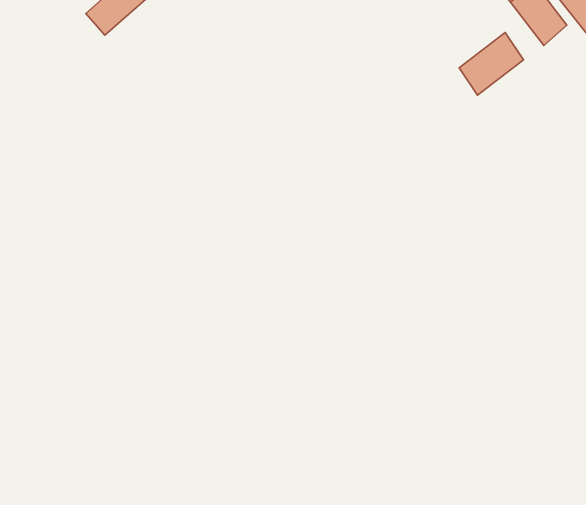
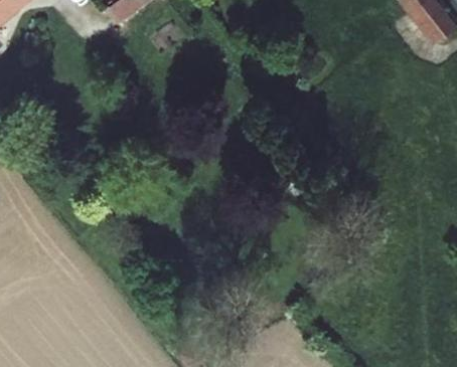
building: [459,32,524,95] -> none

